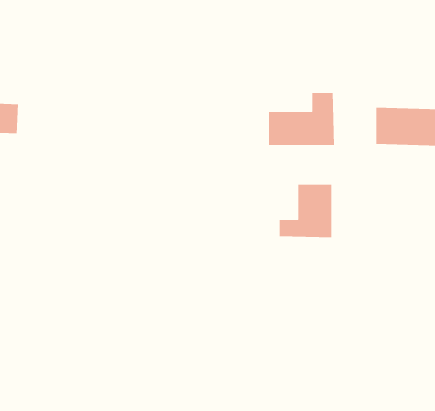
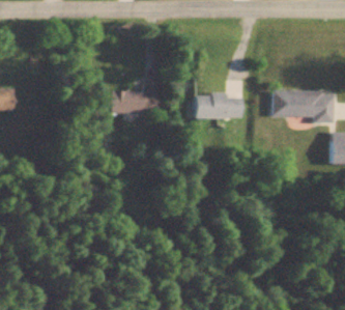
building: none -> [113,86,160,113]
building: [279,184,332,238] -> none

